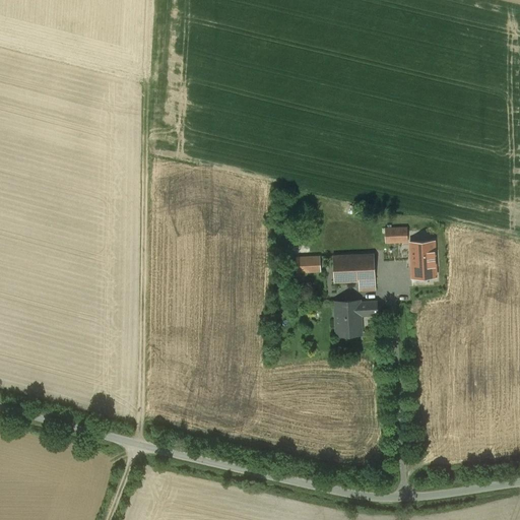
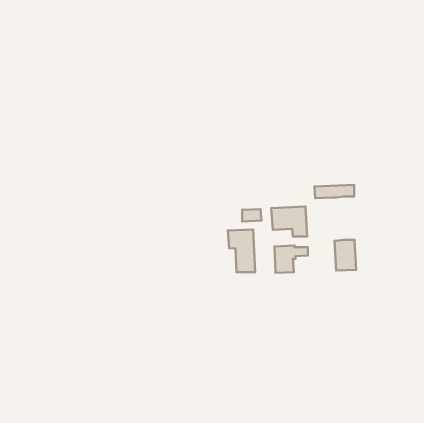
building: [409,242,436,279] -> [334,240,356,271]
building: none -> [228,230,255,272]

